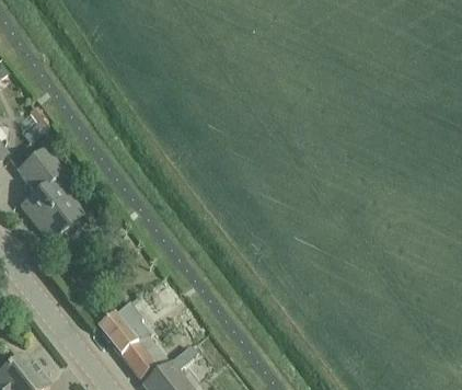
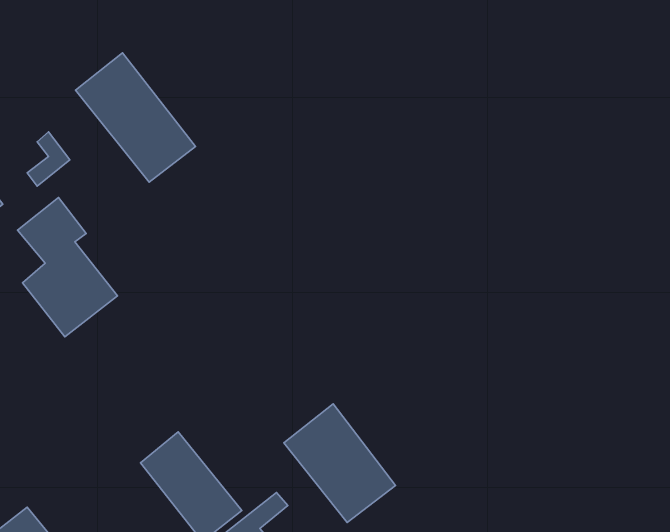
building: none -> [76,53,196,182]
building: none -> [284,404,396,523]

